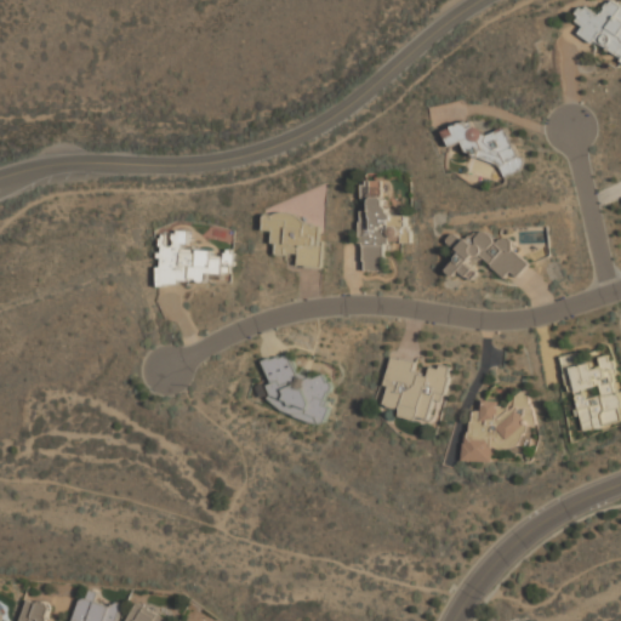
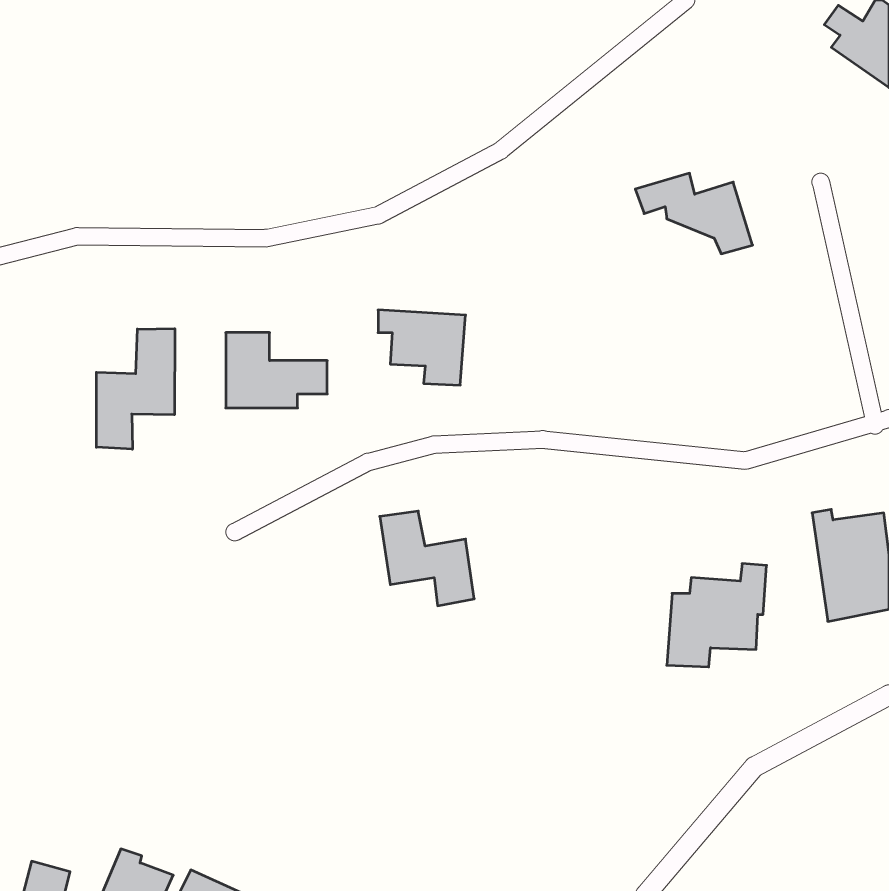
building: [357,182,409,274] -> none
building: [444,228,529,279] -> none
building: none -> [96,329,175,449]
building: [380,358,449,425] -> none

